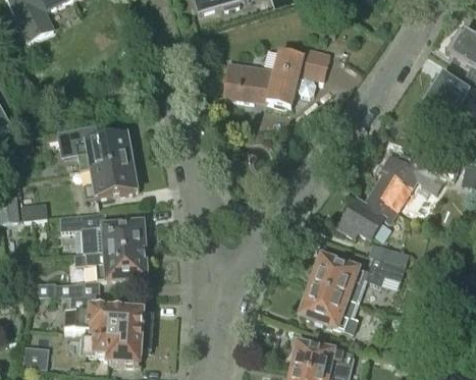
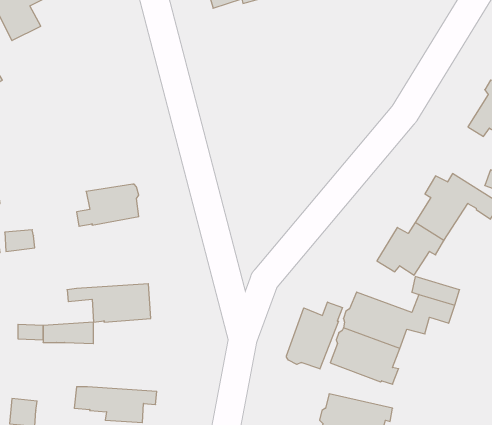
building: [223,50,328,108] -> none
building: [49,125,134,170] -> none
building: [75,211,147,252] -> none
building: none -> [286,302,343,369]
building: [64,308,153,339] -> none

